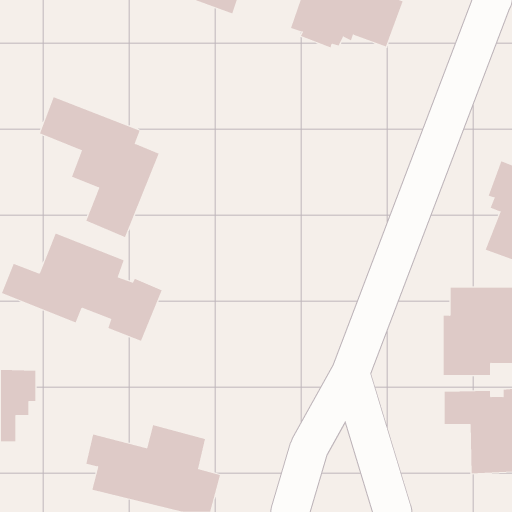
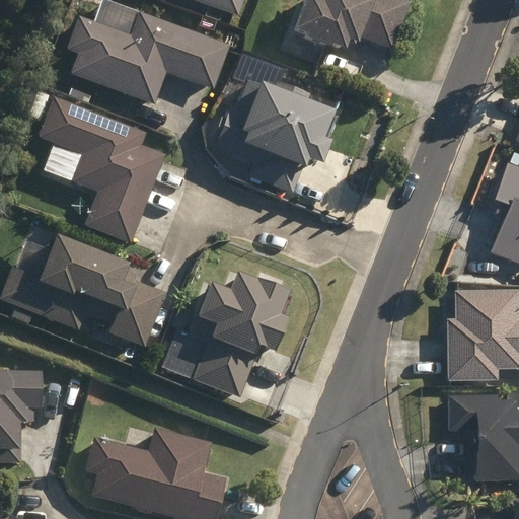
building: none -> [68,13,226,101]
building: none -> [215,78,338,191]
building: none -> [189,274,290,398]

